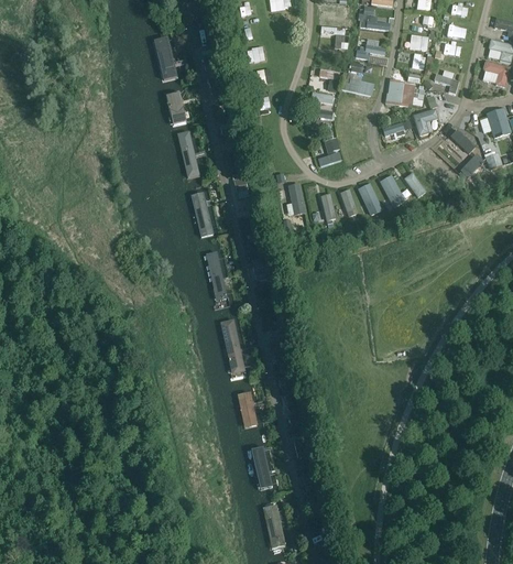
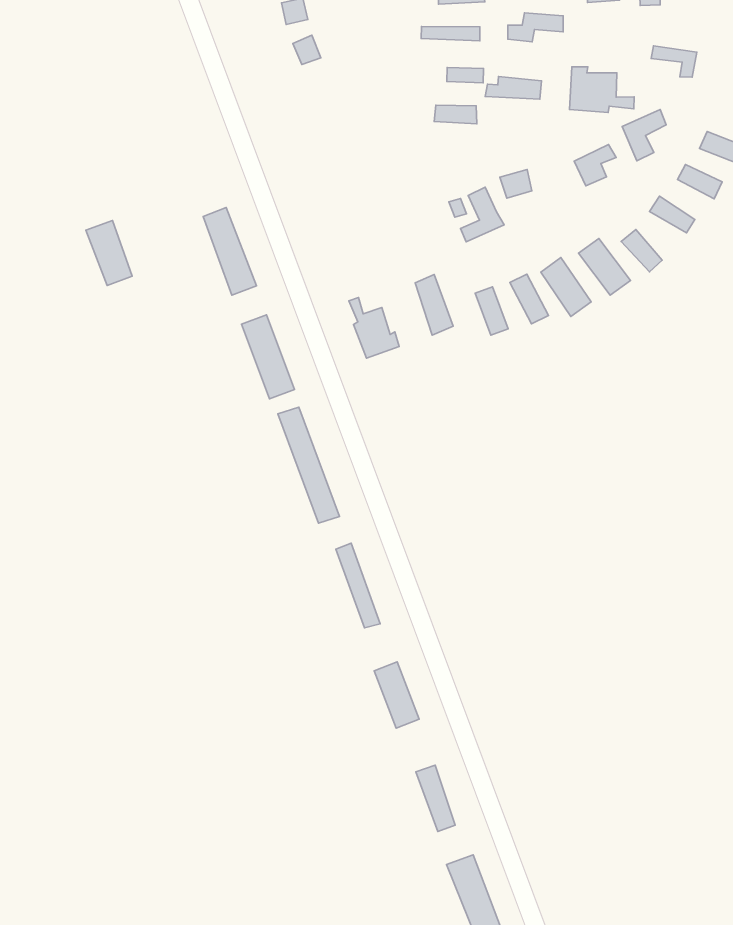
building: [153,36,178,82] -> none
building: [165,91,187,127] -> [86,220,132,286]
building: none -> [349,298,399,358]

